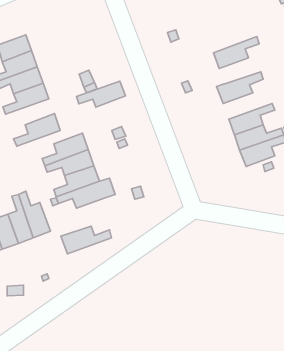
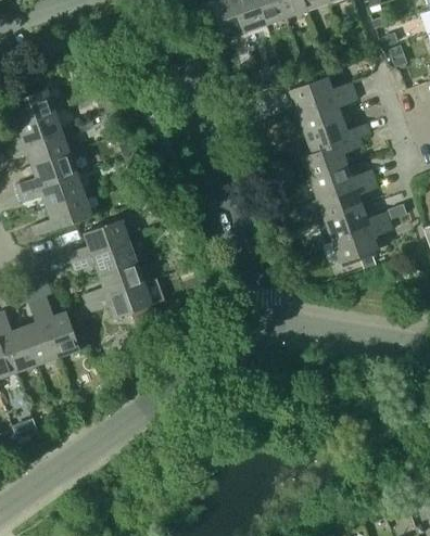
building: none -> [287,76,353,112]
building: none -> [303,118,369,153]
building: [76,81,125,107] -> [20,173,85,207]
building: none -> [308,165,374,200]
building: [61,226,112,254] -> none

